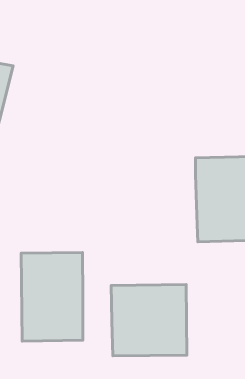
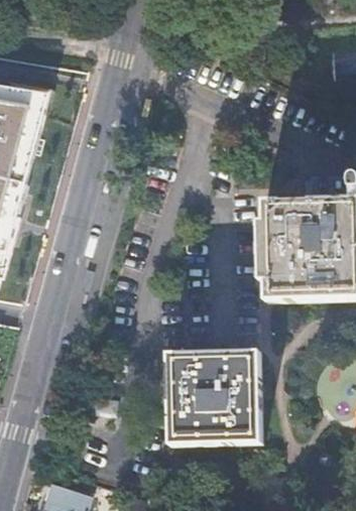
building: [21,252,83,341] -> none

